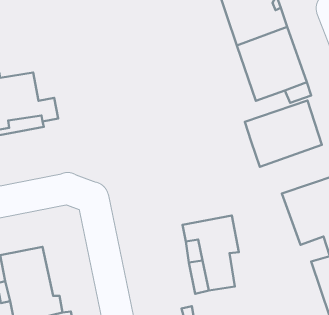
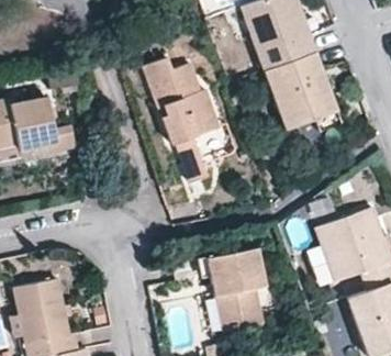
building: none -> [141,58,215,181]
building: [245,101,322,167] -> none

